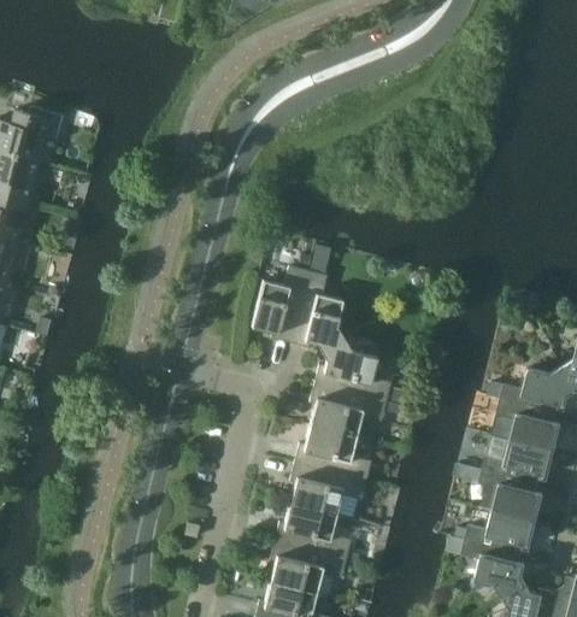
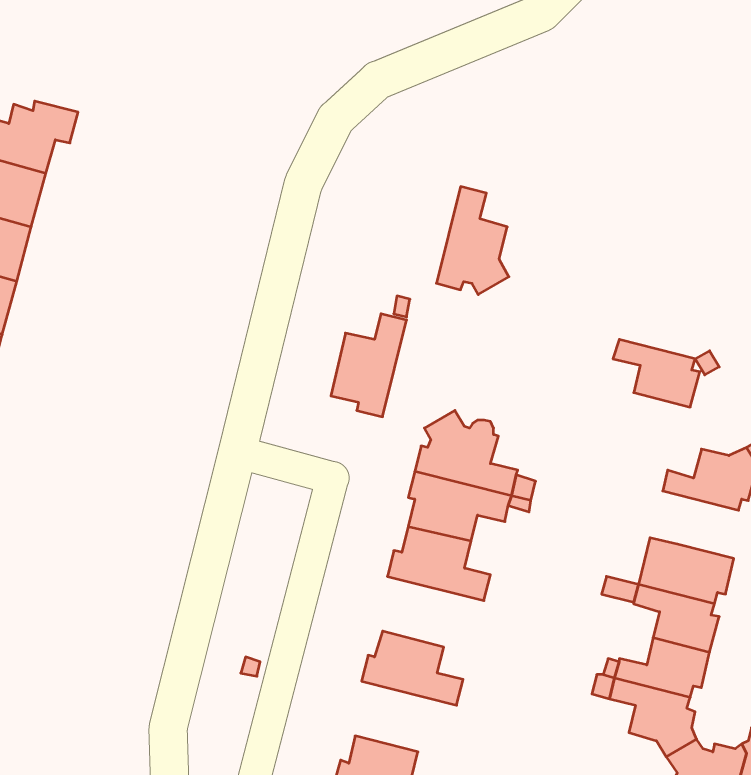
building: [292,271,346,352] -> [436,187,509,295]
building: [496,399,561,449] -> [613,339,700,407]
building: [290,463,367,516] -> none
building: [271,541,347,594] -> none

